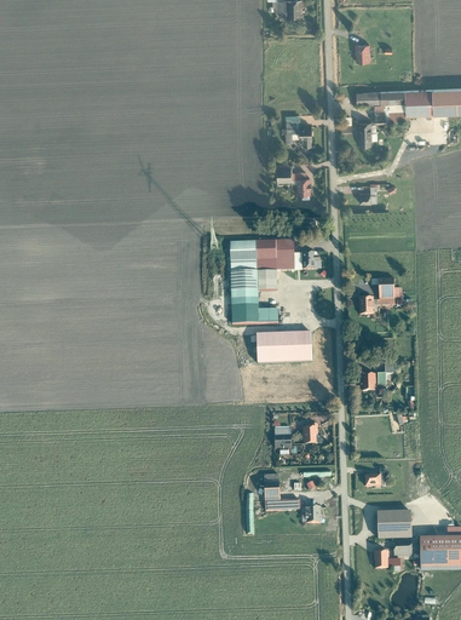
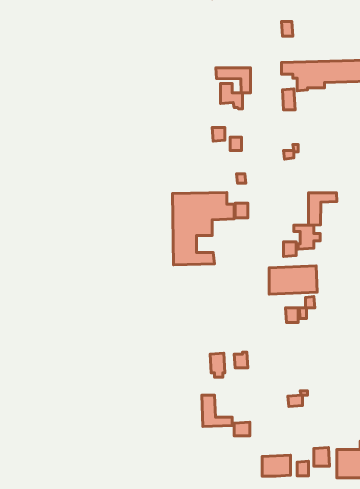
building: none -> [216,68,251,93]
building: none -> [308,193,337,225]
building: [257,329,312,362] -> [269,266,317,294]
building: [378,511,410,535] -> [262,455,290,476]

